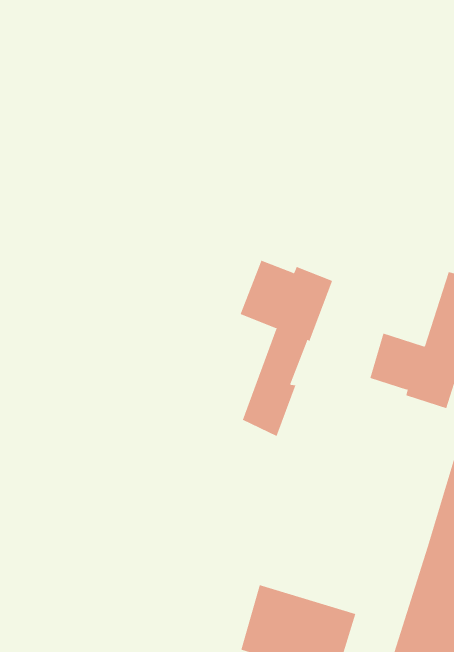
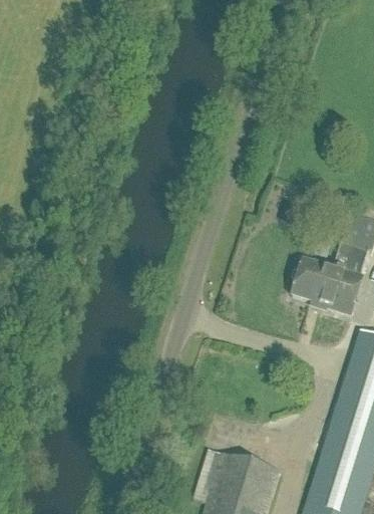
building: [240,260,333,437] -> none

